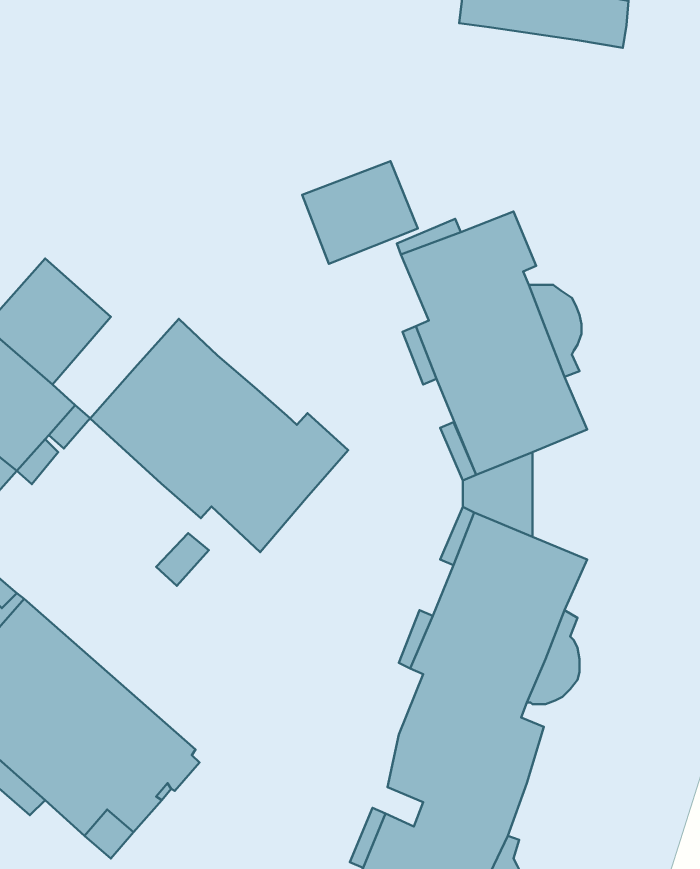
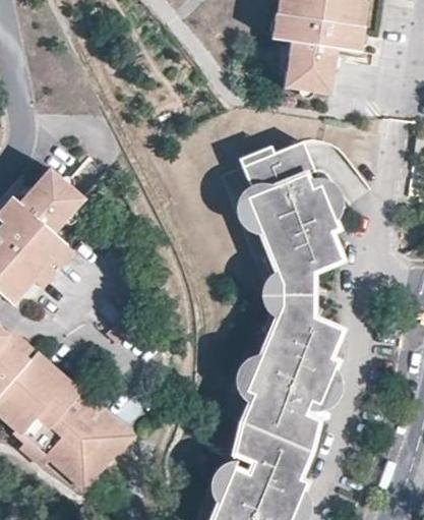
building: none -> [282,42,337,96]
building: [302,161,418,264] -> none
building: [90,319,348,552] -> none

